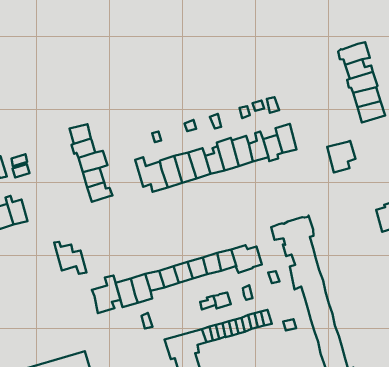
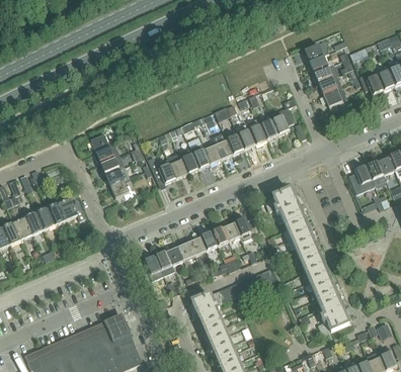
building: [327,141,355,172] -> [269,107,294,134]
building: [54,242,86,274] -> [56,196,85,220]
building: [92,276,120,313] -> none

